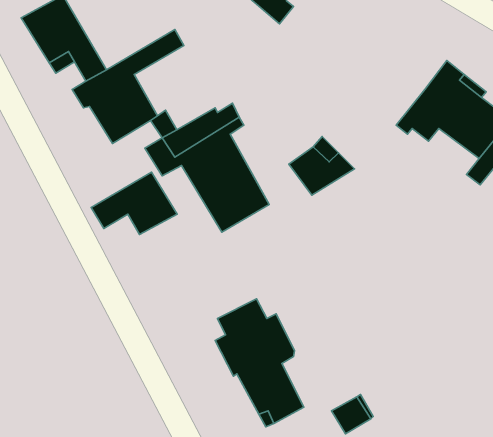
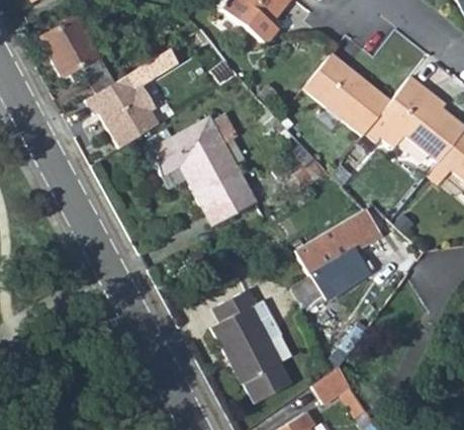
building: none -> [307,55,393,137]
building: [91,172,177,235] -> none
building: none -> [296,210,388,302]

